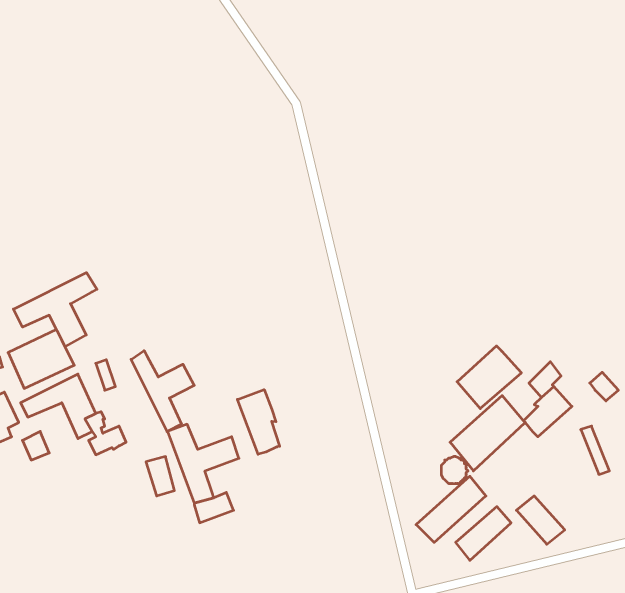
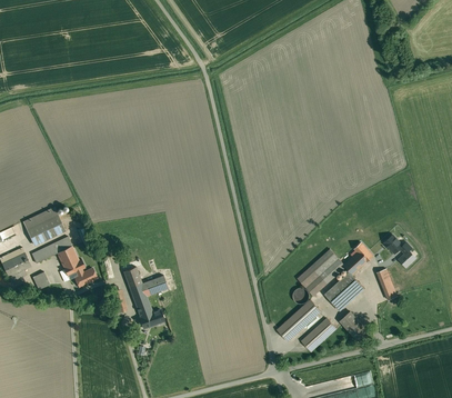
building: [13,273,97,347] -> none
building: [457,346,521,409] -> [325,271,365,310]
building: [131,351,194,432] -> none
building: [237,390,280,454] -> none

